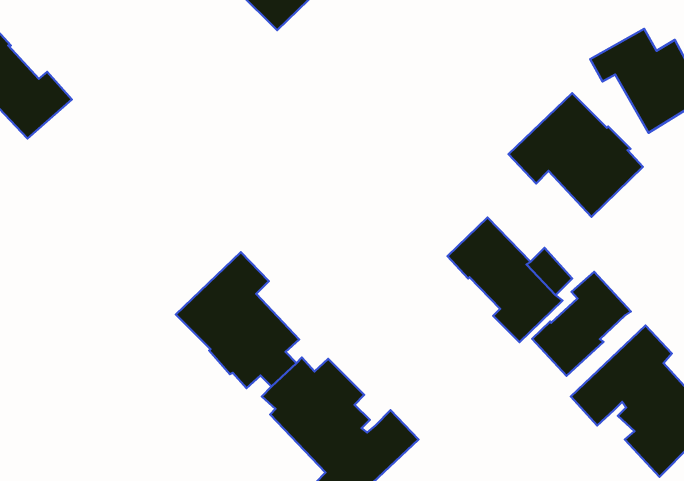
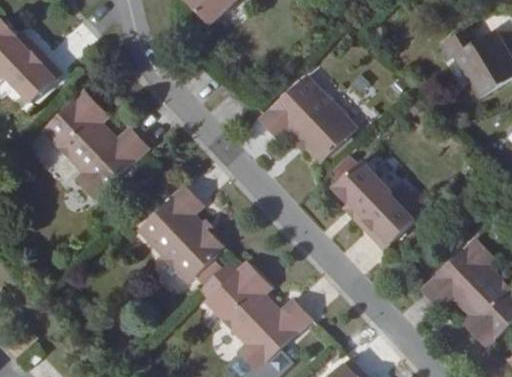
building: [508,93,643,217] -> [259,75,356,164]
building: none -> [41,90,148,199]
building: [532,272,631,376] -> none

